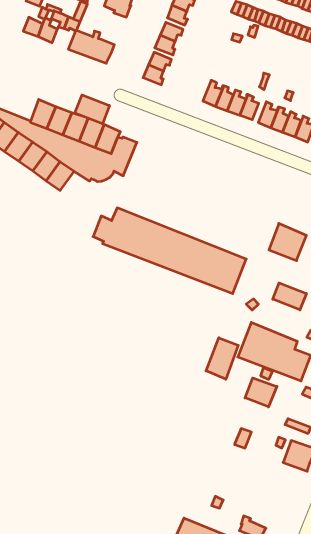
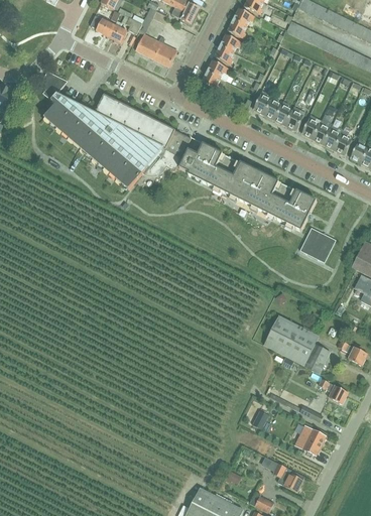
building: [75,95,109,124] -> none
building: none -> [116,162,143,189]
building: [93,208,246,294] -> [179,143,317,231]
building: [273,283,306,310] -> none
building: [206,338,238,379] -> none
building: [245,378,277,407] -> none
building: none -> [267,458,303,492]

